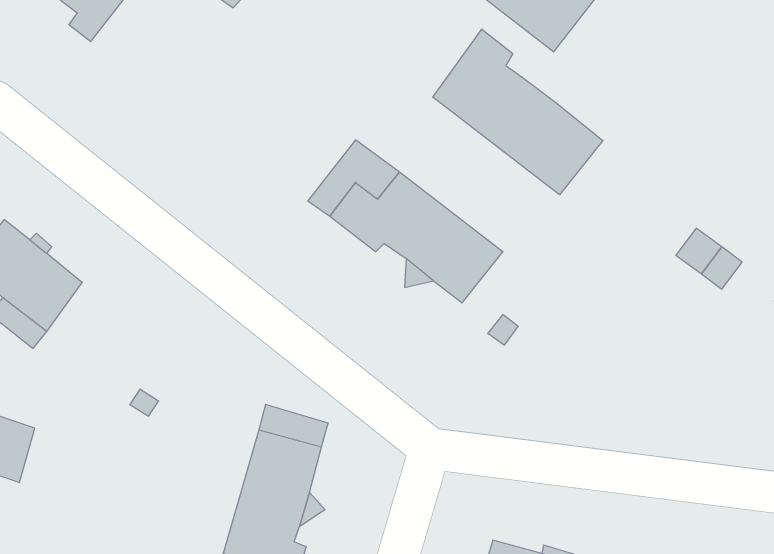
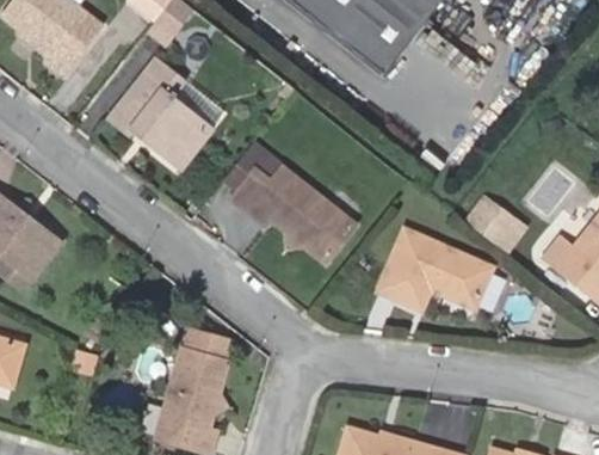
building: none -> [112,60,211,164]
building: [433,29,603,195] -> none
building: none -> [378,227,488,306]

